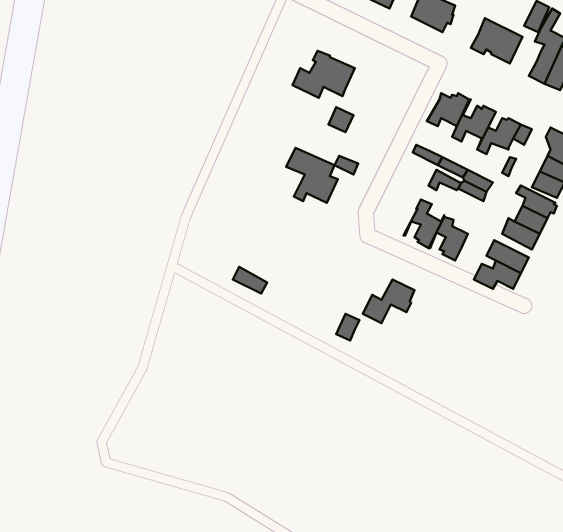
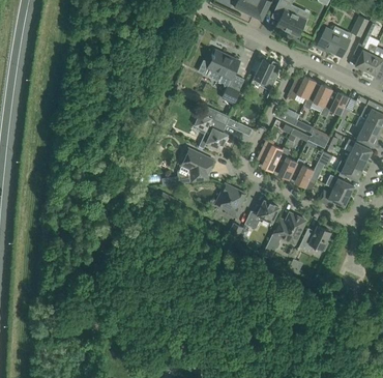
building: none -> [253,58,279,90]
building: none -> [257,137,282,171]
building: none -> [173,147,213,183]
building: none -> [215,183,245,219]
building: none -> [263,214,305,256]
building: none -> [298,226,331,252]

